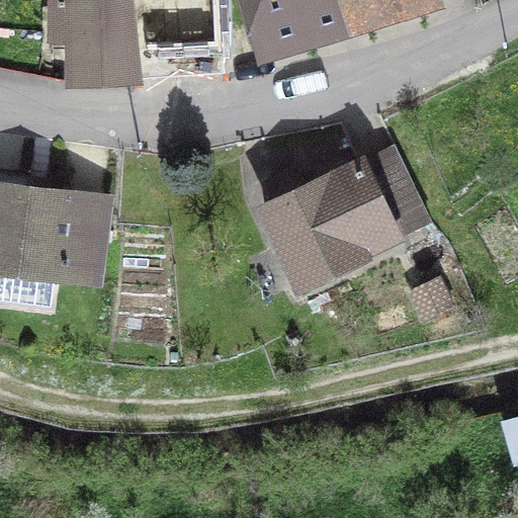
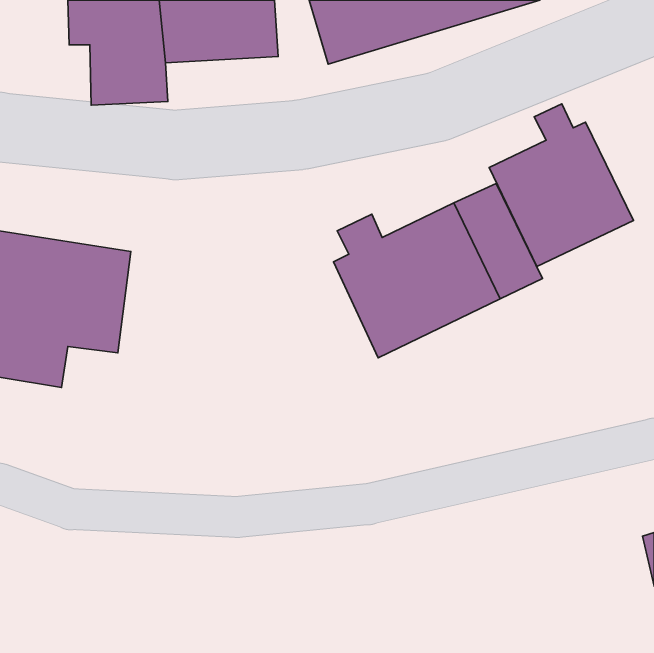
building: none -> [489,104,634,267]

